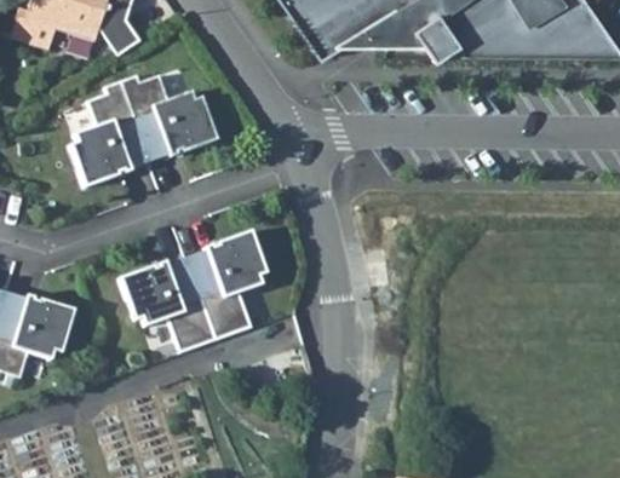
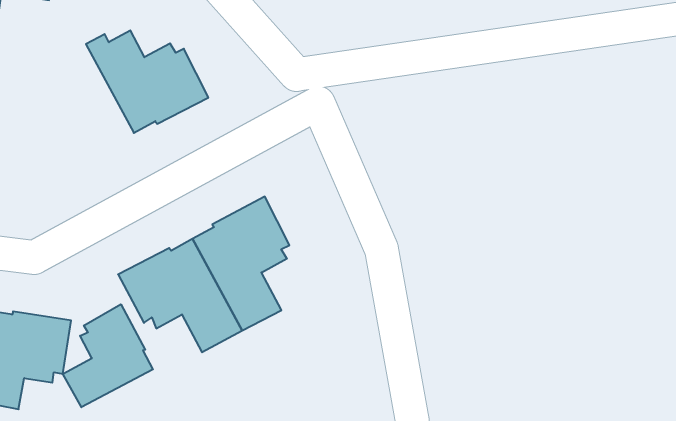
building: [70,82,150,189] -> none
building: none -> [63,304,153,407]

